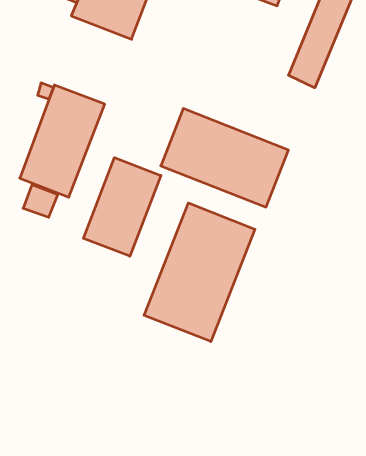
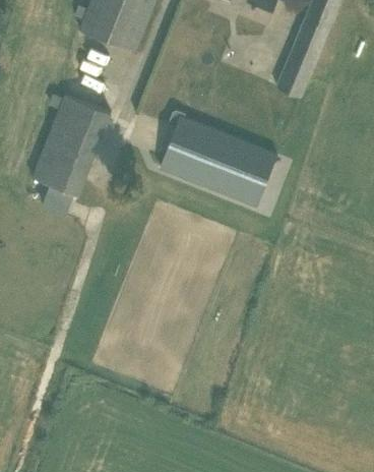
building: [83,158,161,256] -> none
building: [144,203,255,342] -> none

